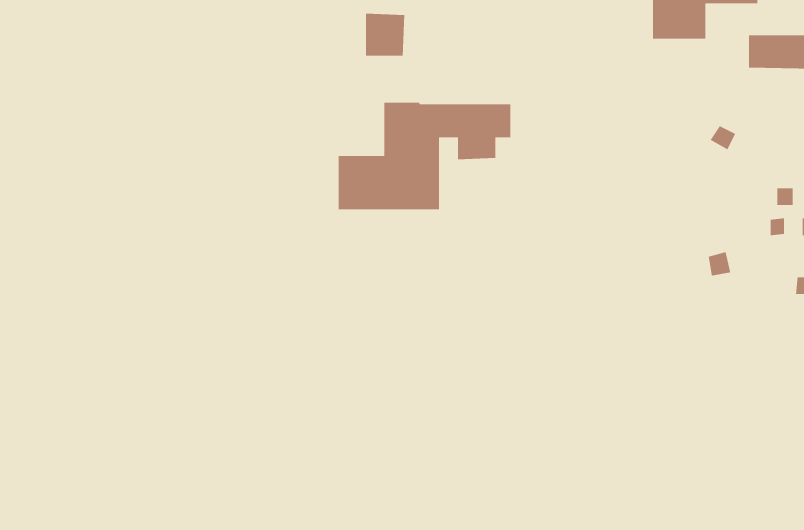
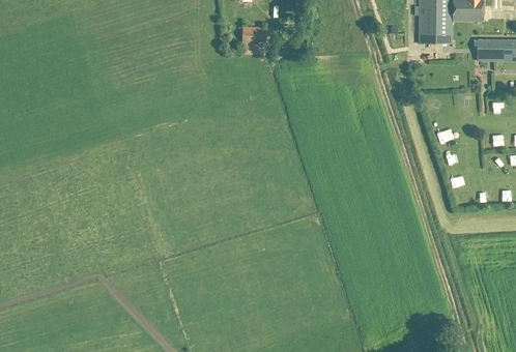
building: [338,102,511,210] -> none

